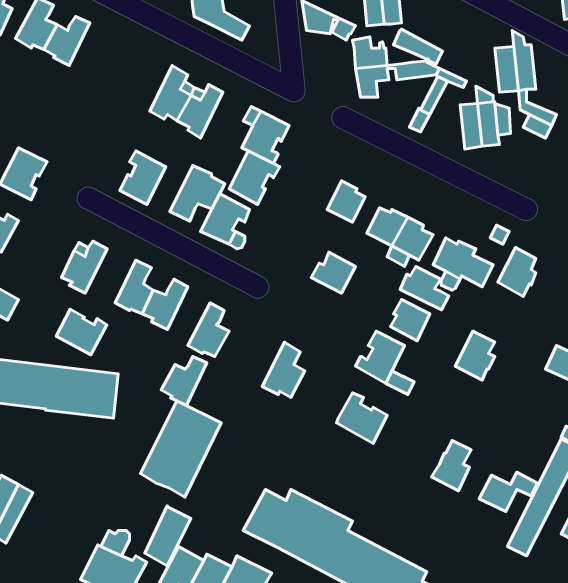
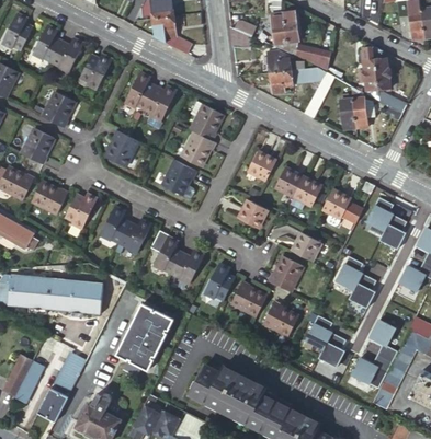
building: none -> [79,53,111,90]
building: none -> [42,91,75,127]
building: [170,166,225,221] -> none
building: [400,266,449,310] -> none
building: none -> [378,215,406,249]
building: [56,309,107,355] -> [31,183,66,215]
building: none -> [349,273,376,307]
building: [161,357,207,406] -> [169,250,201,284]
building: none -> [229,281,265,315]
building: none -> [306,313,333,347]
building: none -> [371,317,398,360]
building: [145,506,191,566] -> [56,351,88,393]
building: none -> [38,389,69,423]

